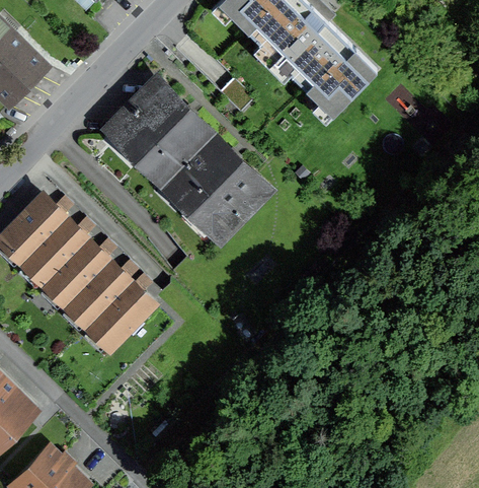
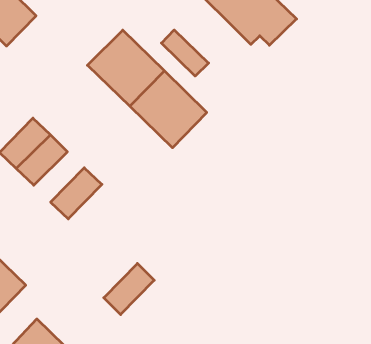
building: none -> [161,30,209,76]
building: [45,237,108,301] -> none
building: [88,279,152,344] -> [104,263,154,315]

